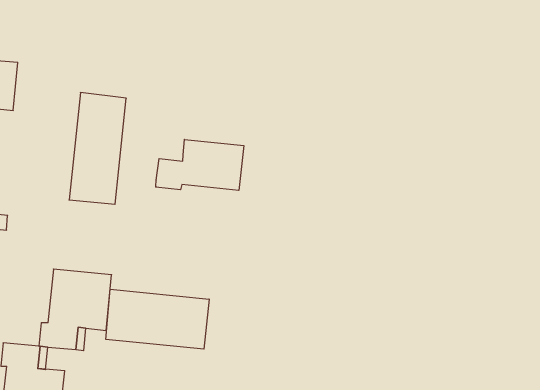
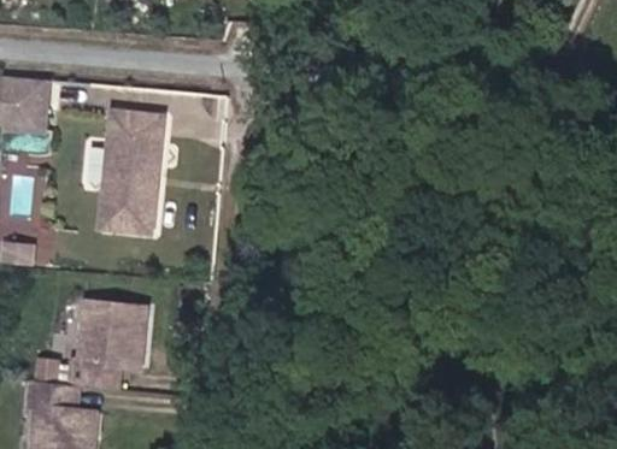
building: [156,139,244,190] -> none
building: [106,289,209,349] -> none

